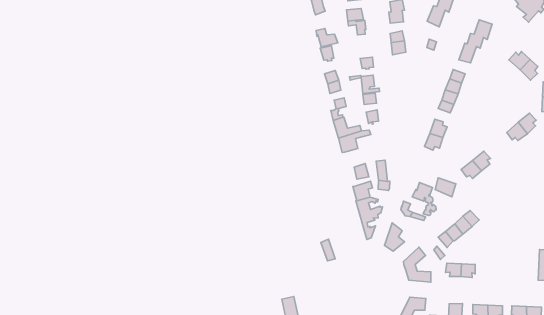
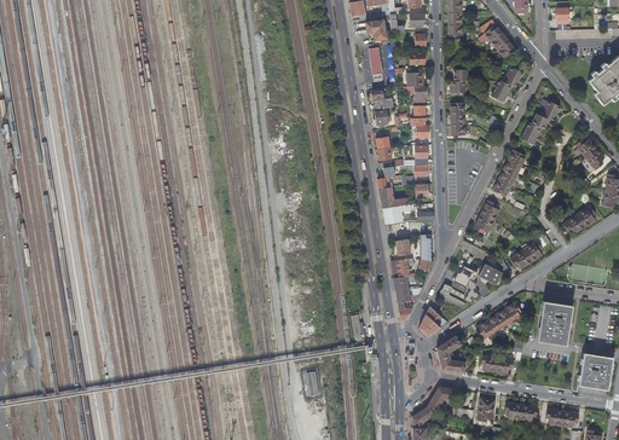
building: none -> [536,300,571,345]

